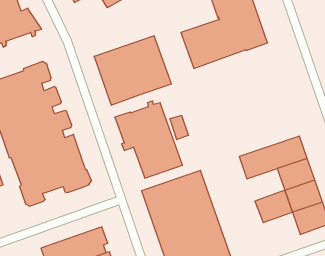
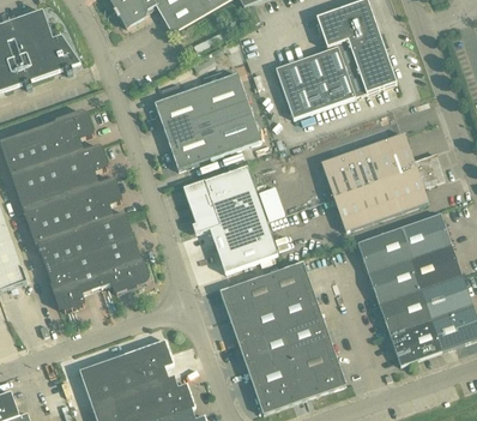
building: none -> [322,132,446,228]
building: none -> [367,258,419,303]
building: none -> [390,319,441,365]

